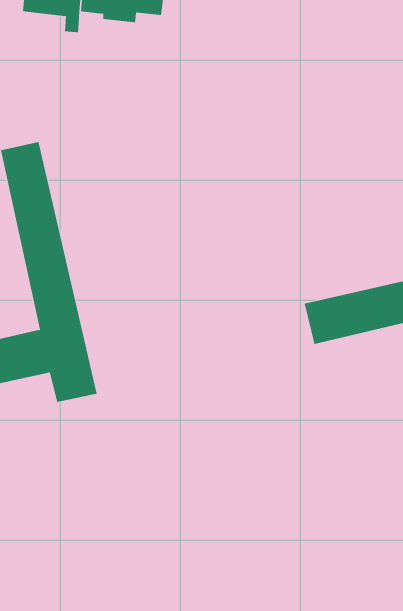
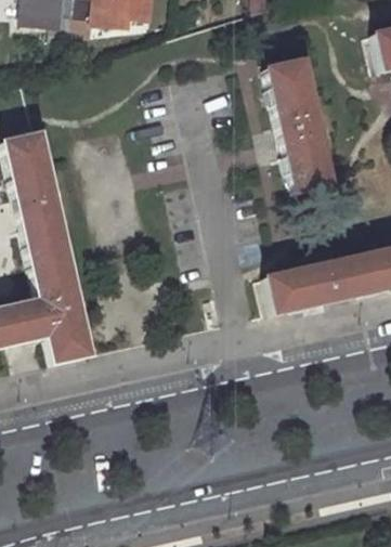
building: none -> [270,63,337,191]

